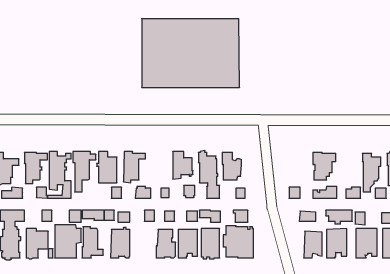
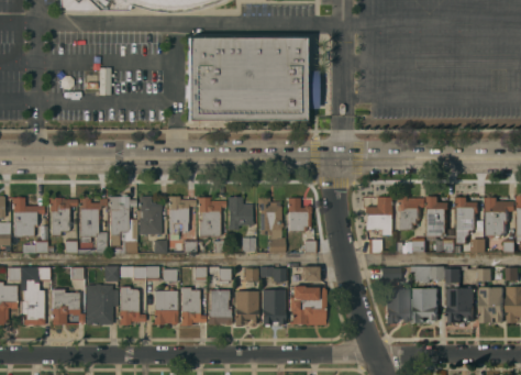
building: none -> [198,196,226,235]
building: none -> [365,197,391,234]
building: none -> [428,197,448,236]
building: none -> [181,286,206,324]

